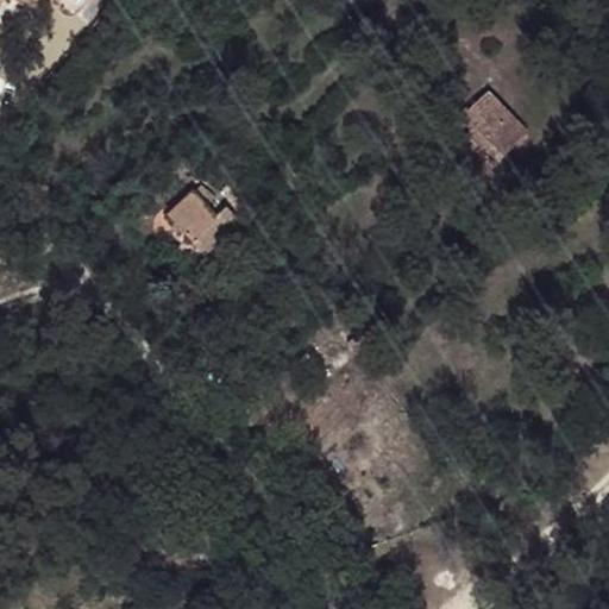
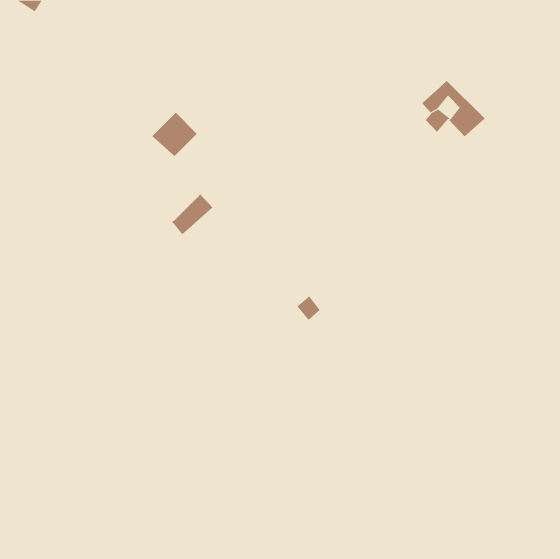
building: [164,192,214,240] -> [152,112,198,157]

